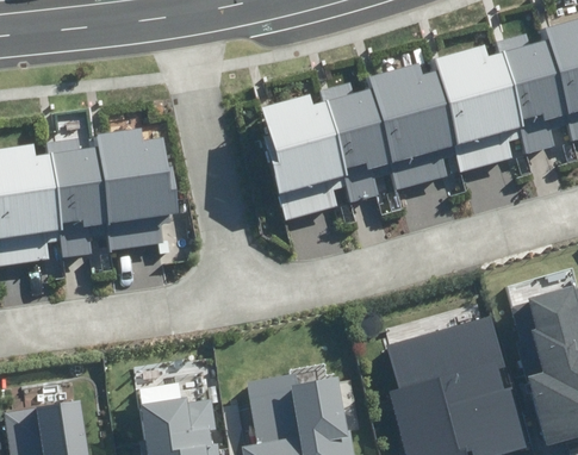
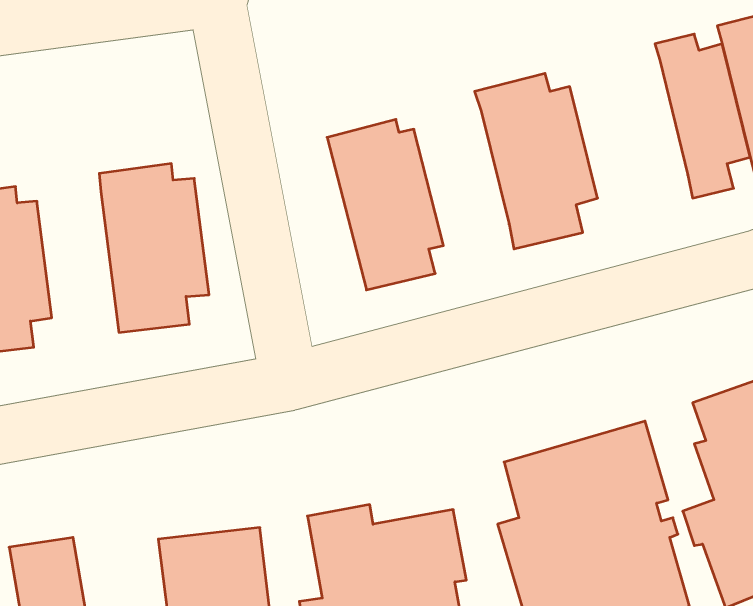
building: [434,44,523,170] -> none
building: [322,82,393,201] -> none
building: [49,136,107,255] -> none

